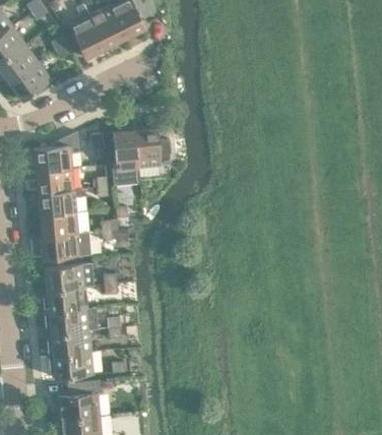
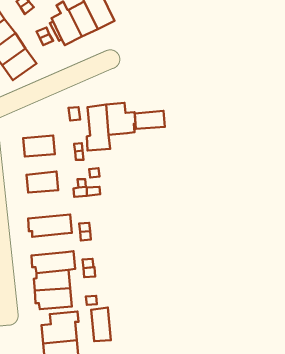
building: [33,131,78,170] -> none
building: none -> [135,111,165,129]
building: [37,188,83,214] -> none
building: [41,231,91,258] -> none
building: [43,286,86,312] -> none
building: none -> [91,307,111,341]

